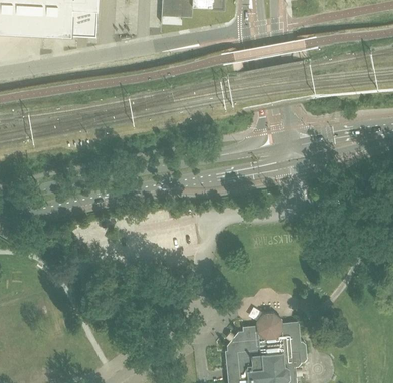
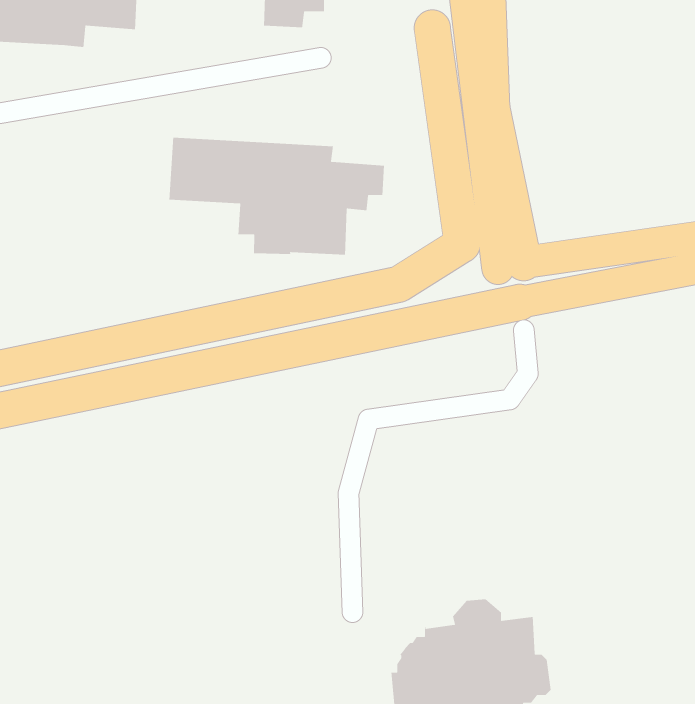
building: none -> [169,137,385,256]

